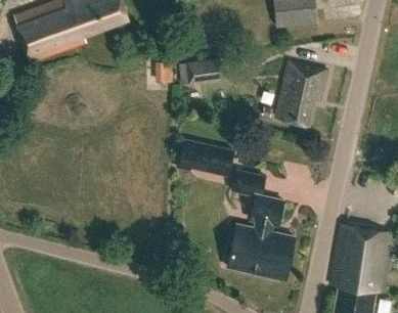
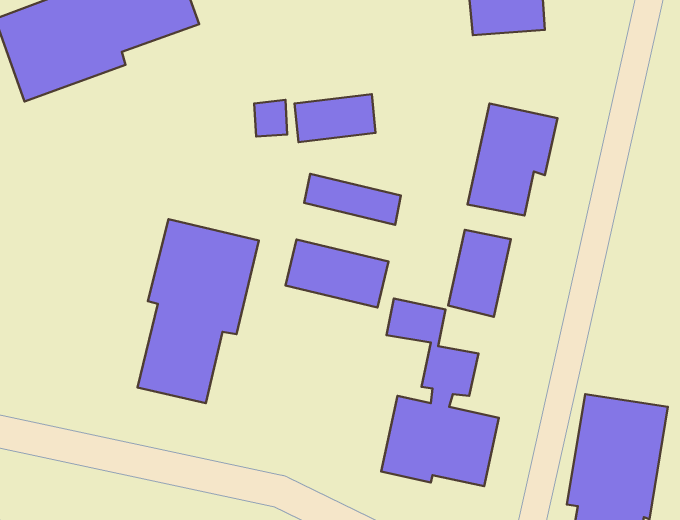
building: none -> [304,174,401,225]
building: none -> [137,219,259,403]
building: none -> [448,230,511,317]

